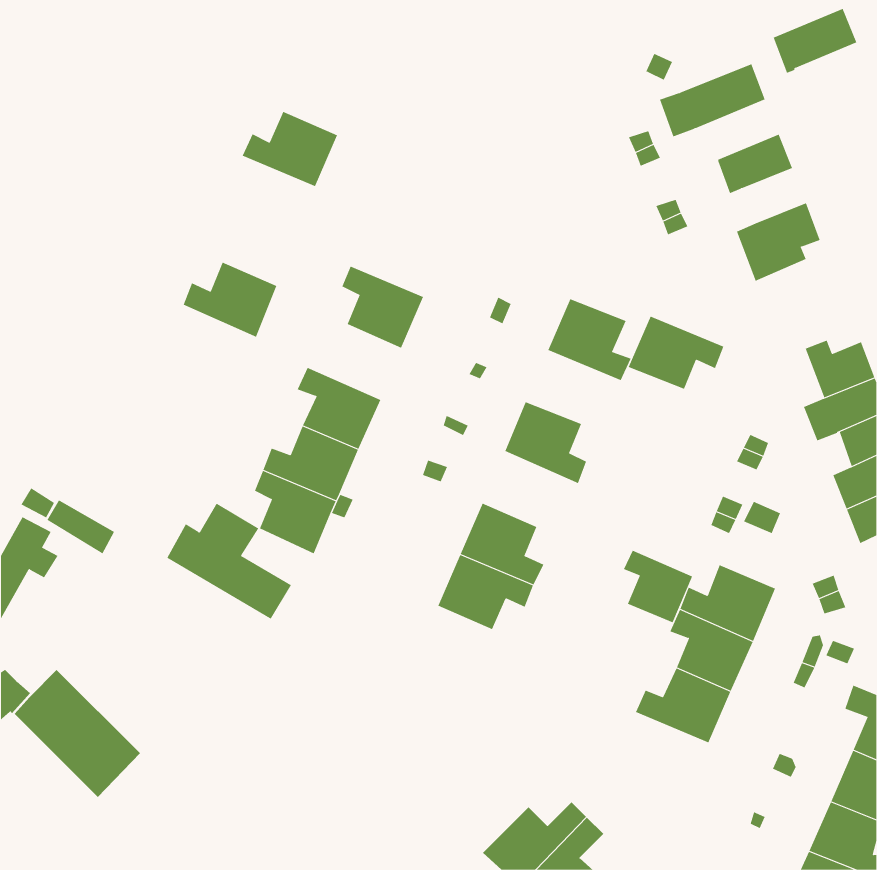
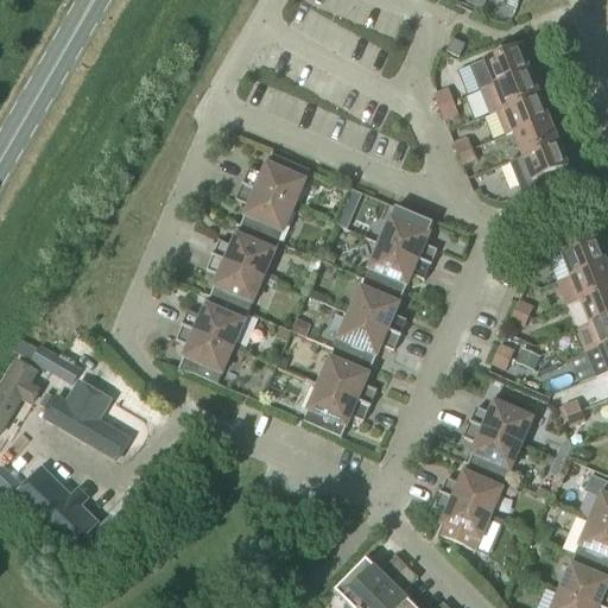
building: [773,8,857,74] -> [481,69,539,114]
building: [242,111,338,187] -> [242,153,309,205]
building: none -> [513,116,558,154]
building: [183,262,277,337] -> [213,224,278,277]
building: [628,316,724,389] -> [363,242,430,293]
building: none -> [334,312,400,365]
building: [166,503,292,619] -> [44,380,131,461]
building: [623,550,693,623] -> none
building: none -> [433,493,490,550]

